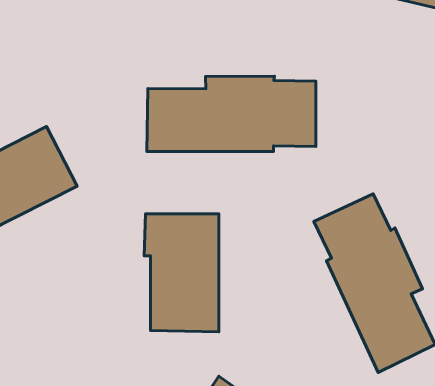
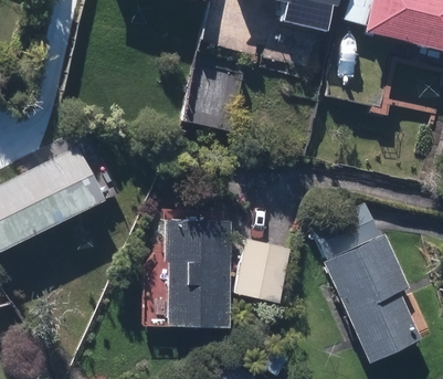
building: [147,76,316,152] -> none
building: none -> [235,241,289,301]

